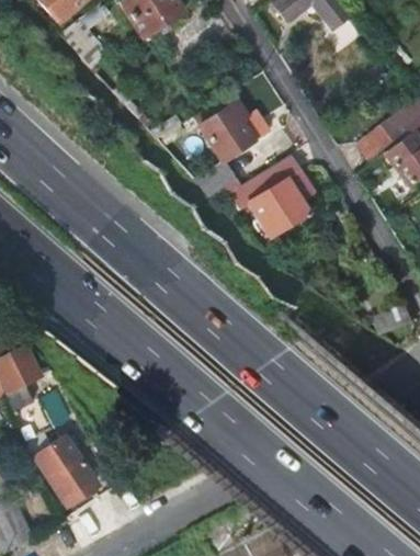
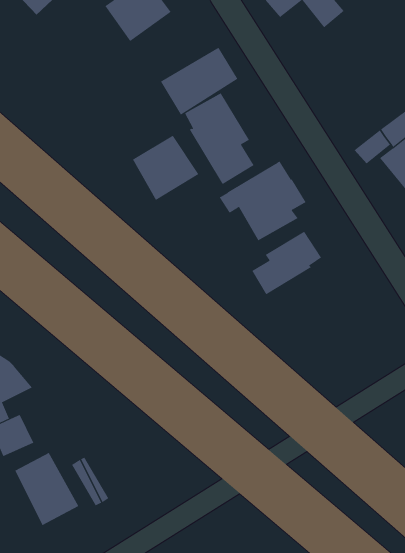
building: none -> [160,47,238,115]
building: none -> [132,135,199,201]
building: none -> [251,231,322,295]

